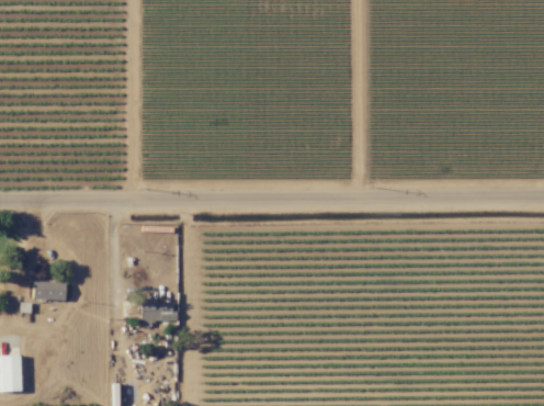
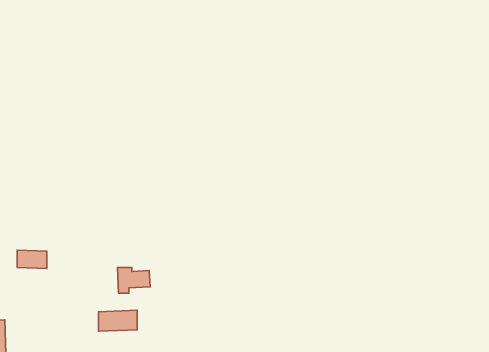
building: none -> [99,310,137,331]

